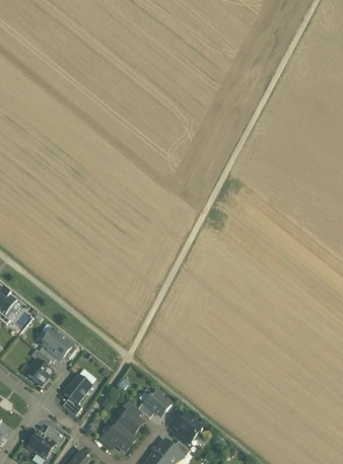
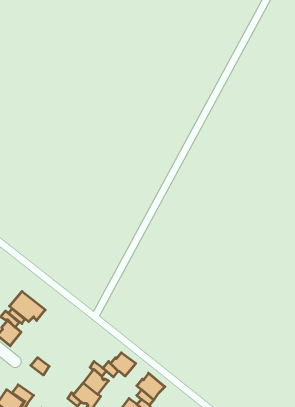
building: [62,375,89,403] -> none

